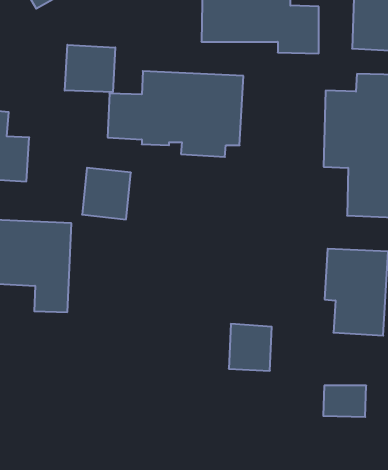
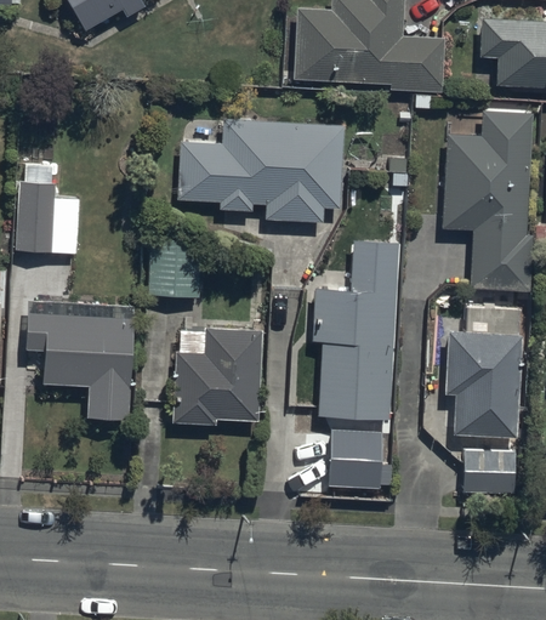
building: [65,45,115,92] -> none
building: none -> [315,243,403,427]
building: none -> [172,322,258,425]
building: [323,386,366,417] -> [460,449,513,488]

